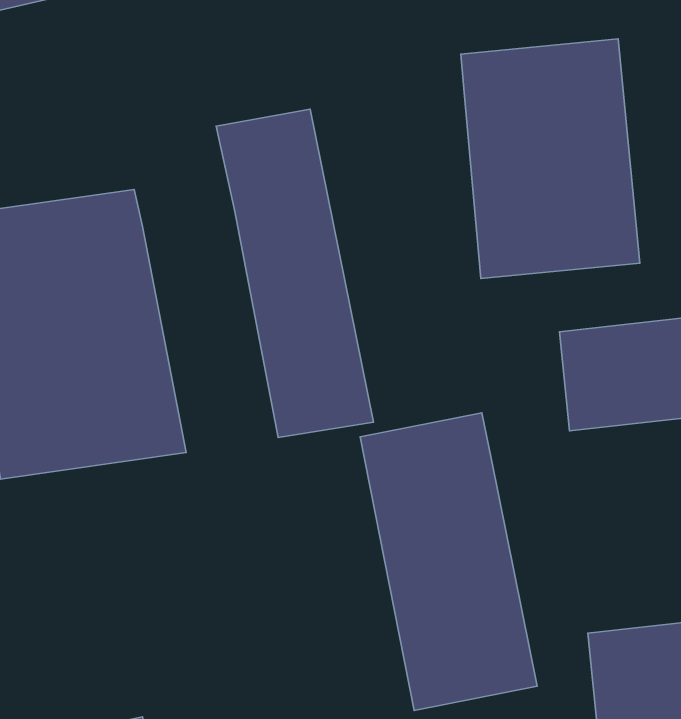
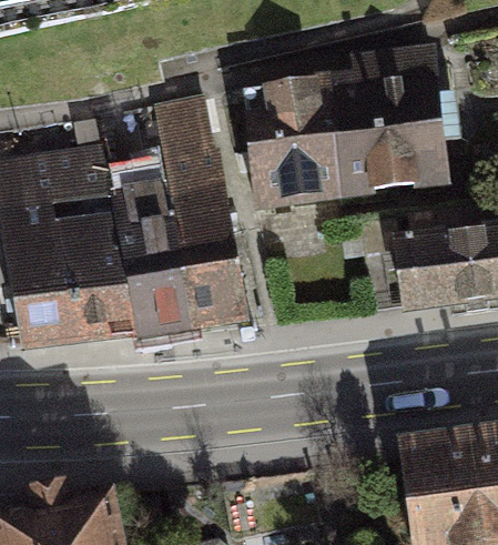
building: none -> [241,77,333,208]
building: none -> [109,155,199,315]
building: [360,413,537,710] -> none

